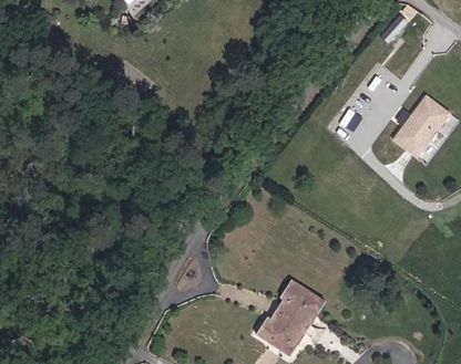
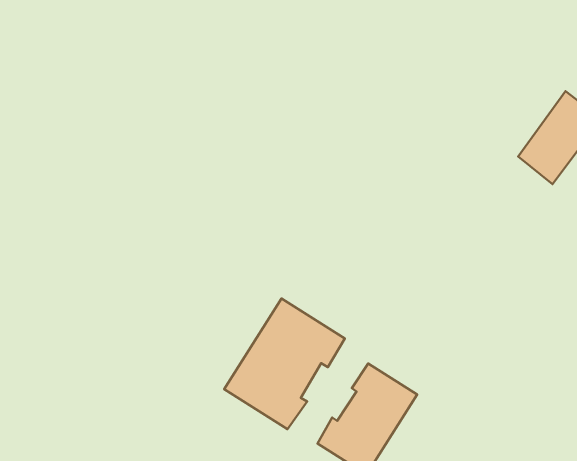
building: none -> [224,299,345,429]

